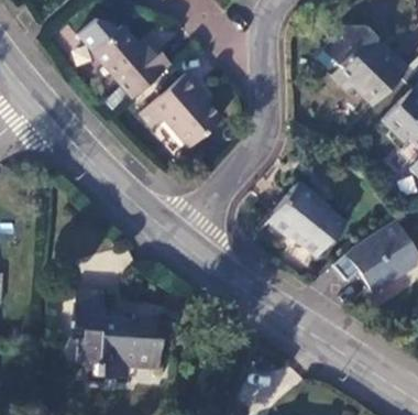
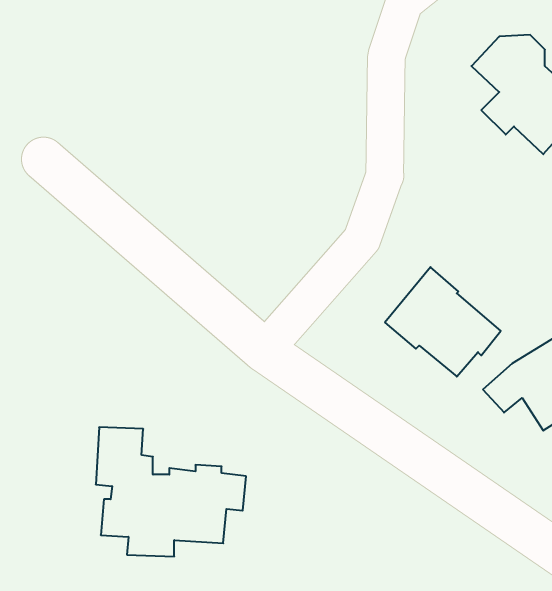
building: [77,19,170,99] -> none
building: [141,74,222,149] -> none

